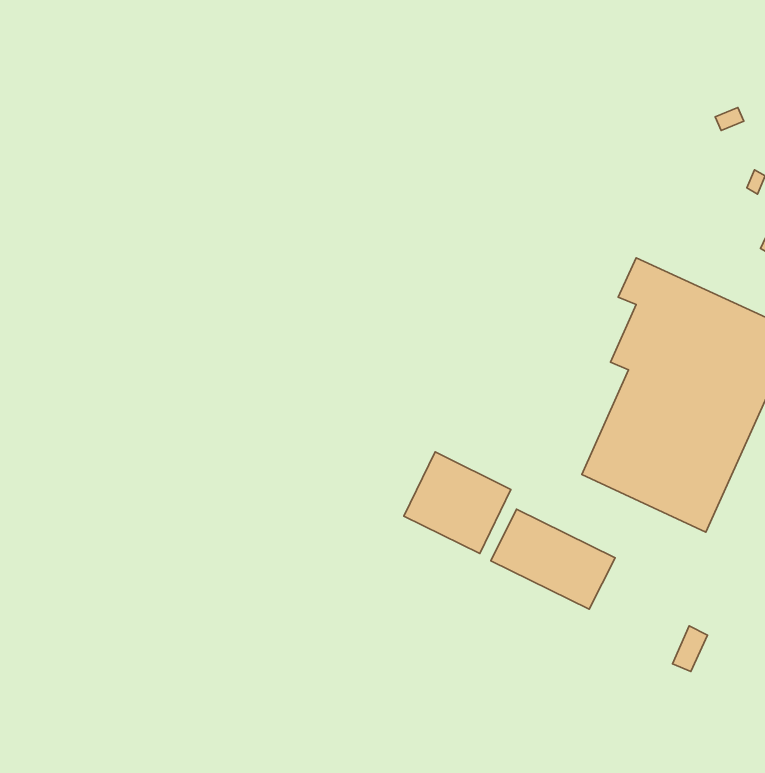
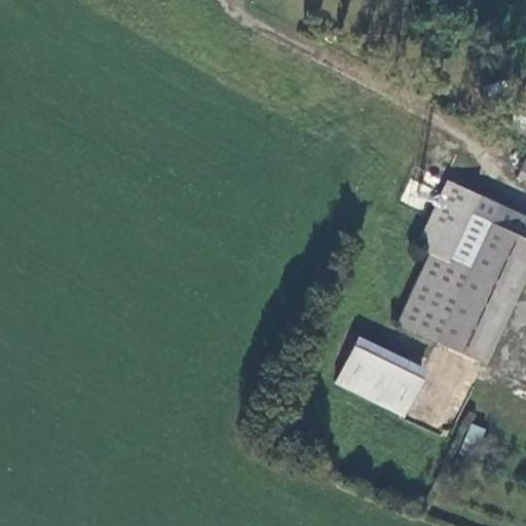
building: [404,452,511,554] -> none

